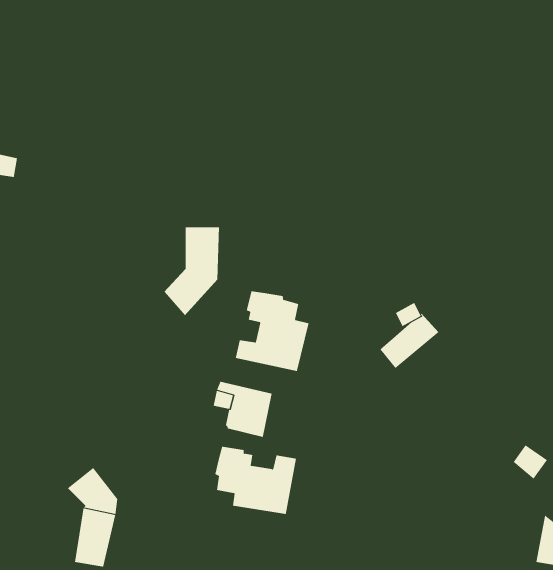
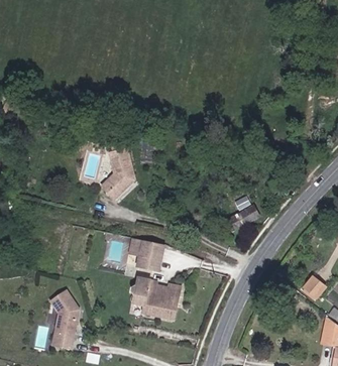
building: [235,290,309,372] -> none

